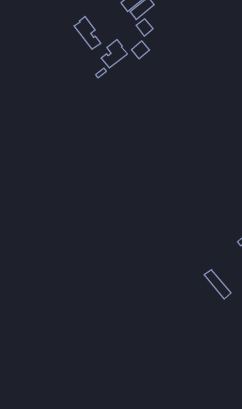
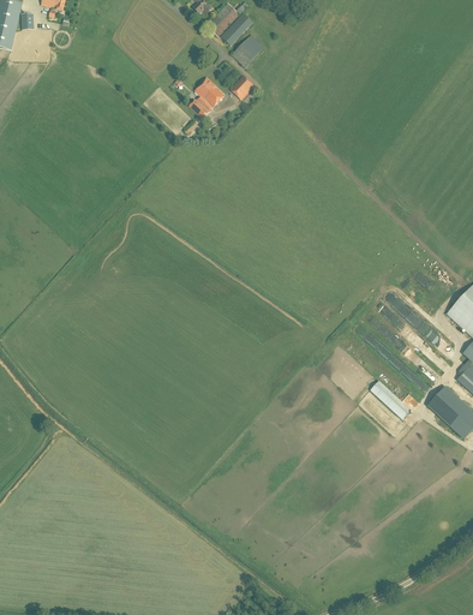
building: [74,16,101,49] -> none

